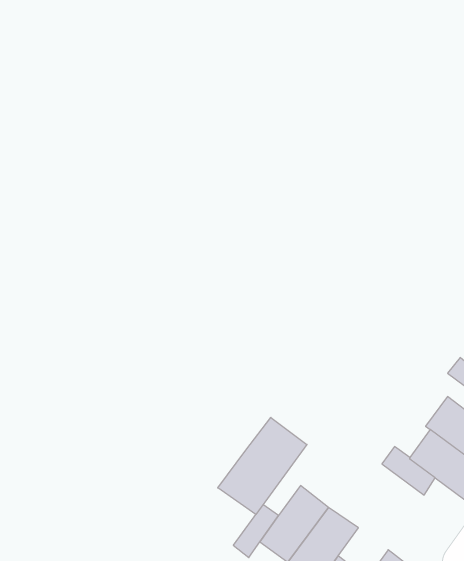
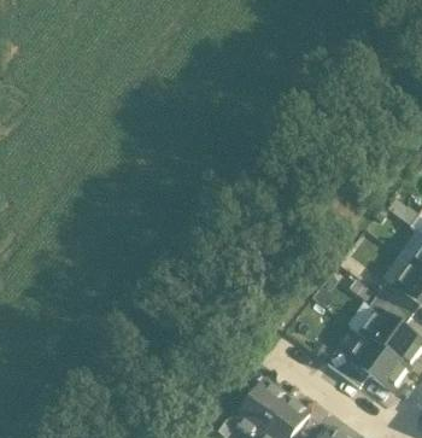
building: [218,417,307,514] -> none

